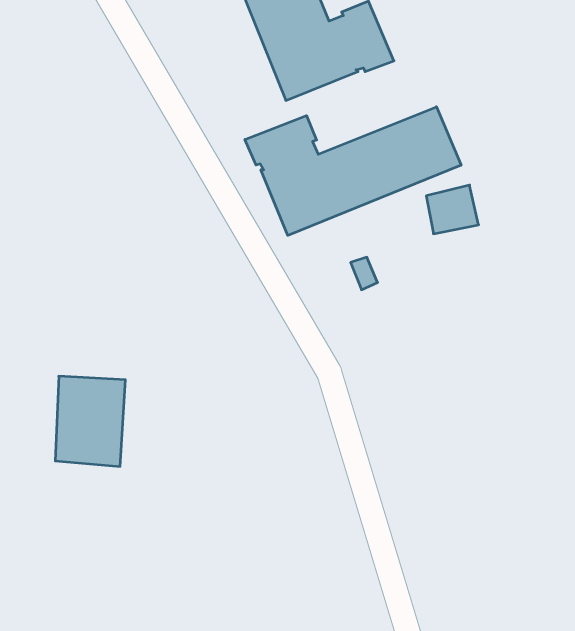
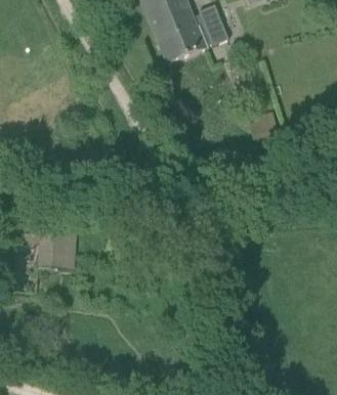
building: [245,107,461,235] -> none

